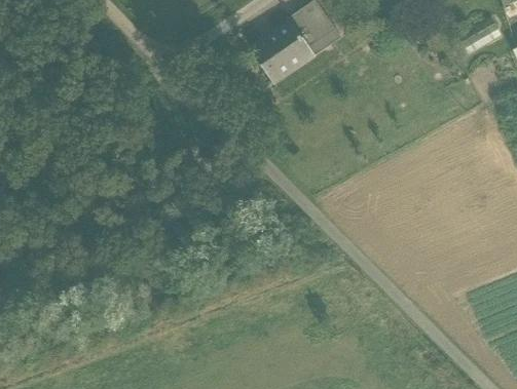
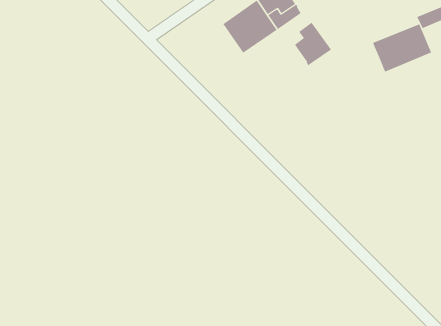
building: none -> [294,22,332,66]
building: none -> [373,23,432,72]

